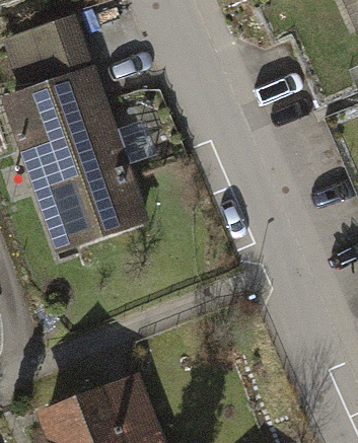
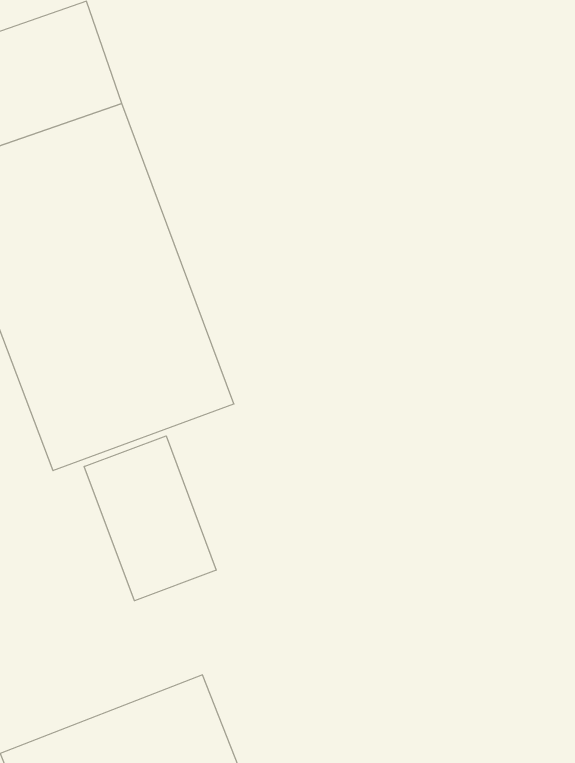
building: none -> [84,436,216,601]

